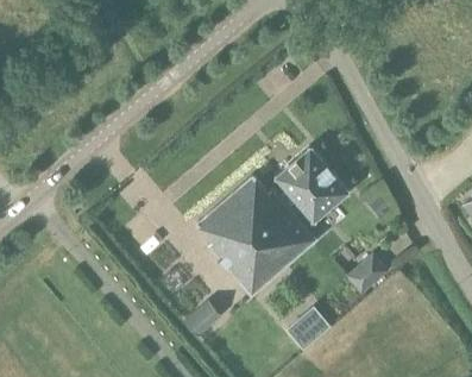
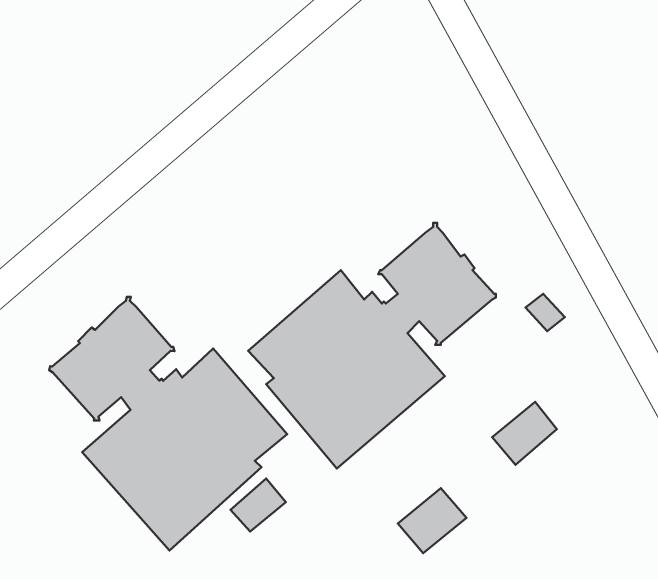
building: none -> [49,297,287,550]

